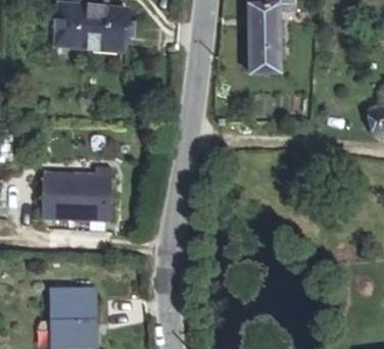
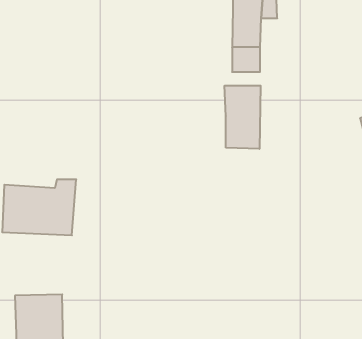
building: [51,6,121,51] -> none
building: none -> [225,86,261,149]

